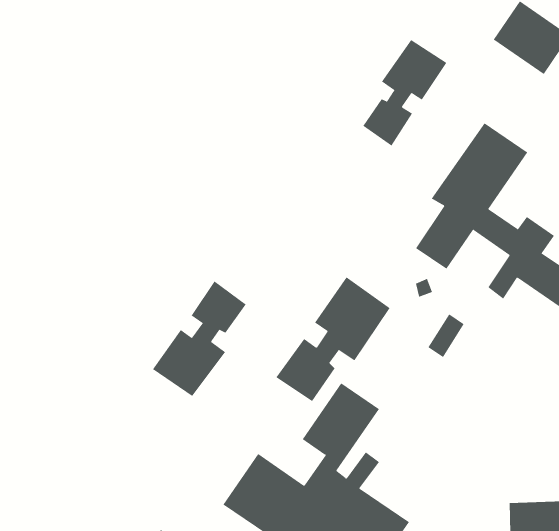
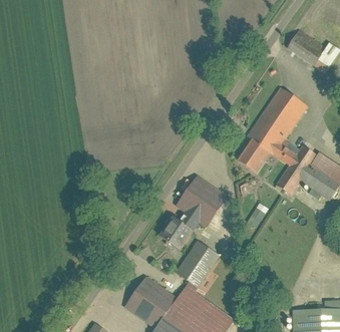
building: [363,39,447,146] -> none
building: [152,281,247,397] -> none

